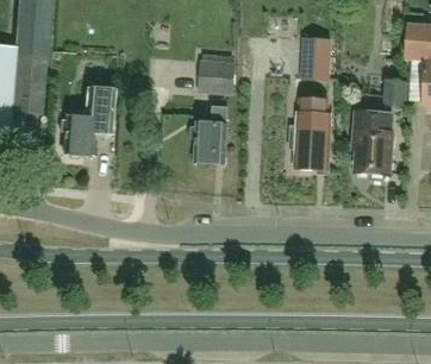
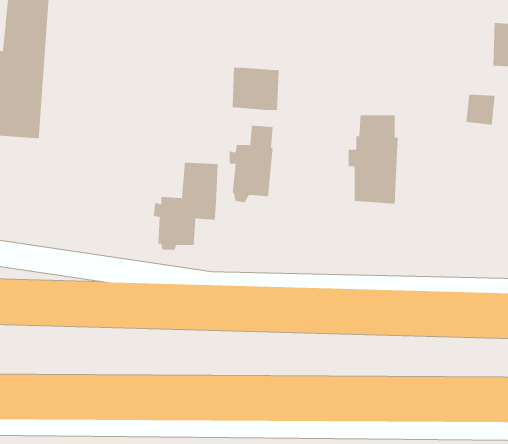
building: [302,37,332,79] -> none
building: [61,87,113,157] -> [153,162,218,250]
building: [354,109,392,180] -> none

